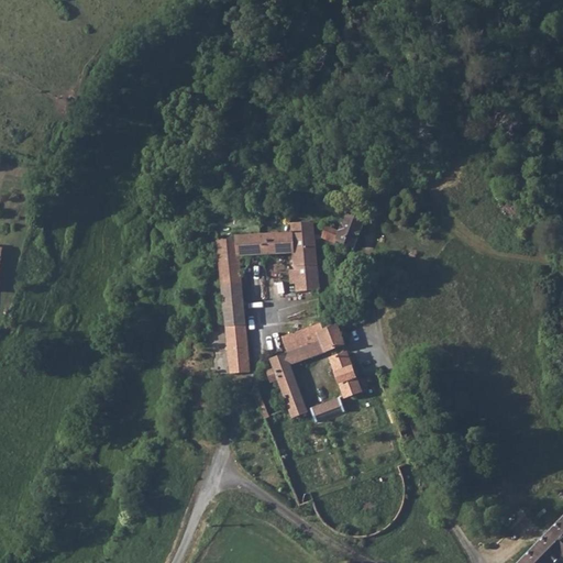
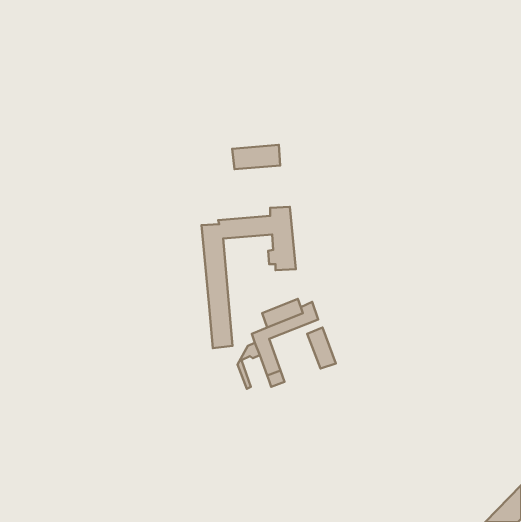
building: none -> [232,145,280,169]
building: [321,213,363,246] -> none
building: [310,396,344,421] -> none

